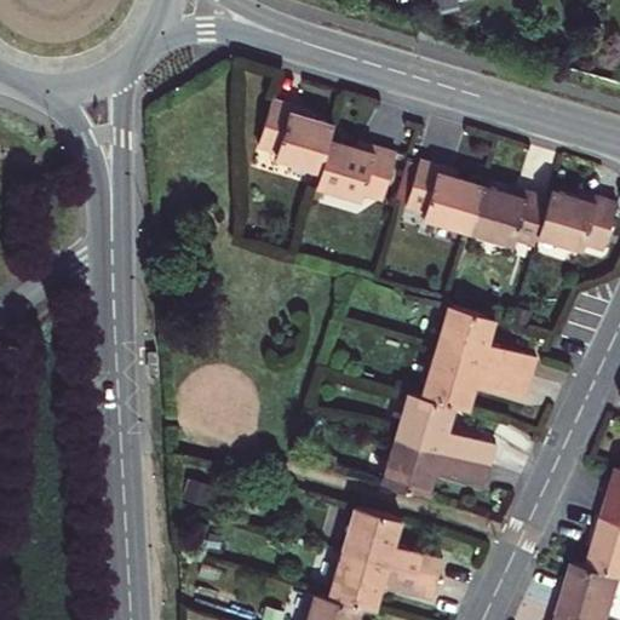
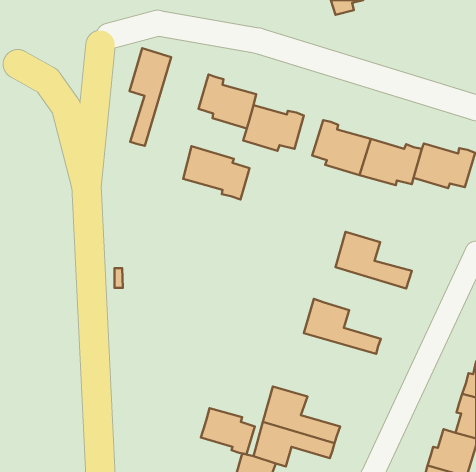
building: none -> [129,48,171,146]
building: none -> [183,146,249,200]
building: [421,352,528,411] -> none
building: [381,438,489,498] -> none
building: none -> [201,408,255,454]

